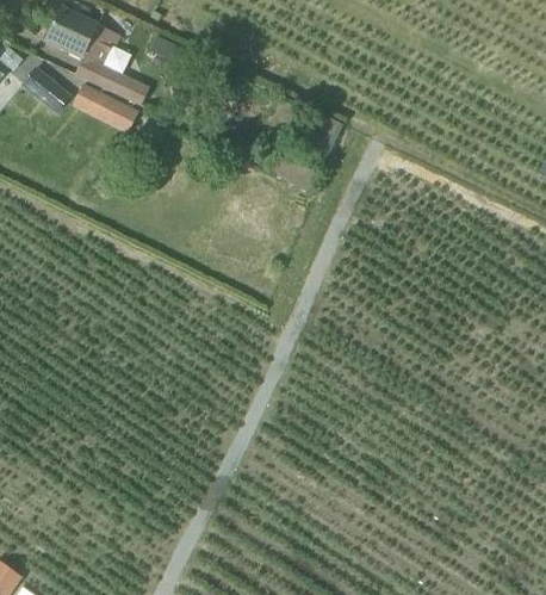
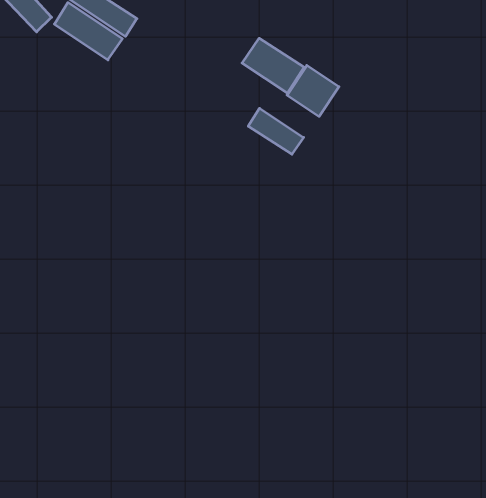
building: none -> [242,38,304,93]
building: none -> [248,108,304,154]

